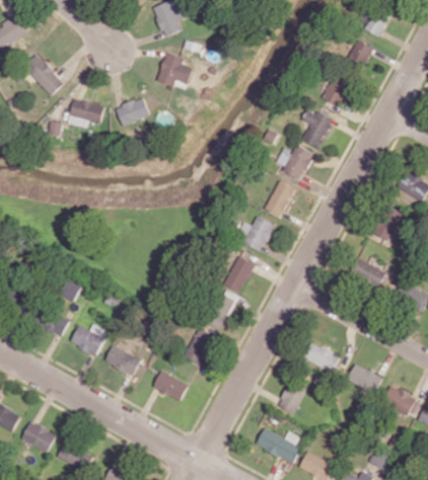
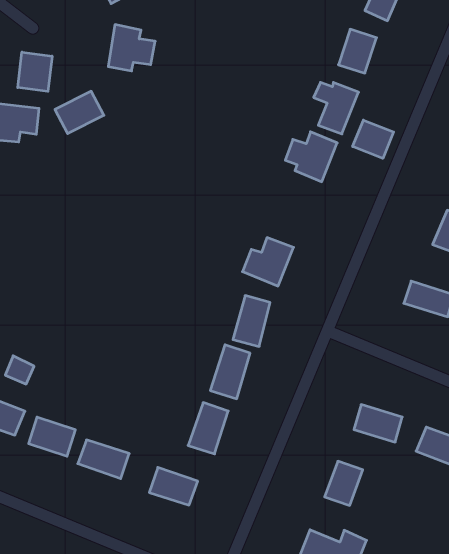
building: none -> [18,52,52,91]
building: none -> [353,120,394,158]
building: [266,180,294,217] -> none

